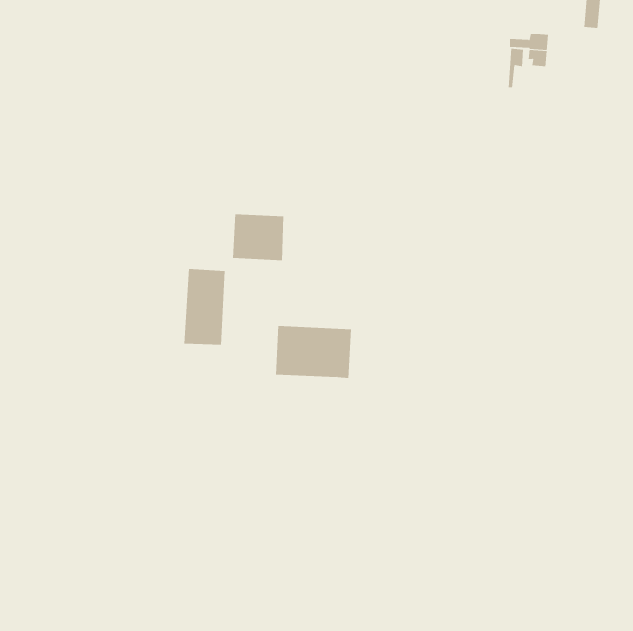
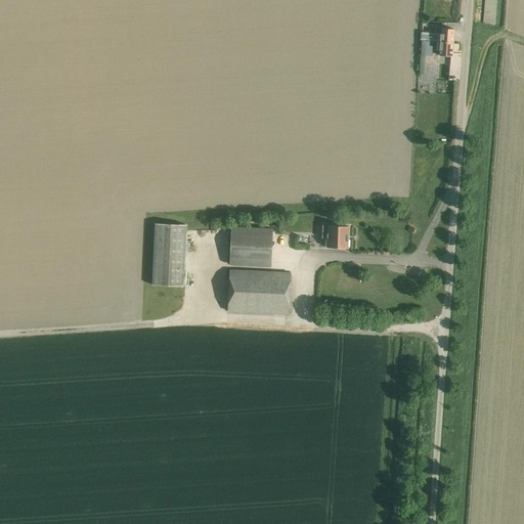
building: [232,214,284,261] -> [229,226,272,265]
building: none -> [321,224,348,248]

